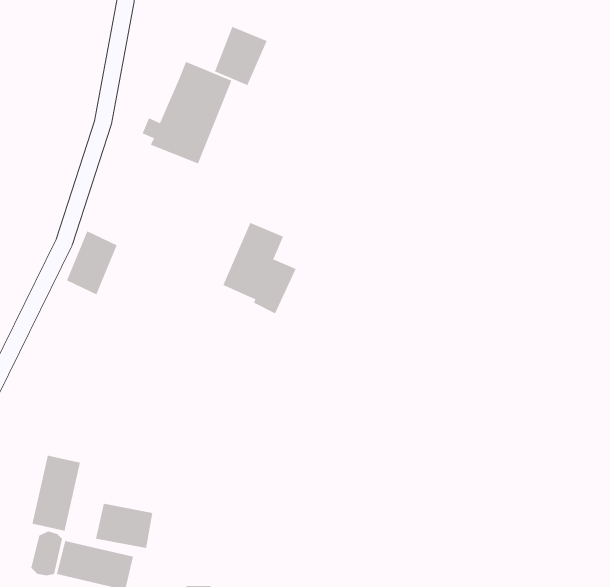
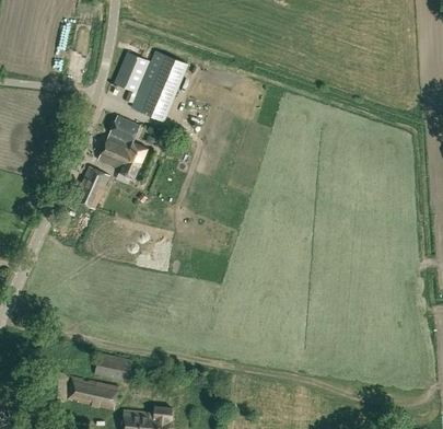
building: [214,26,267,86] -> [114,51,150,92]
building: [222,222,297,314] -> [97,116,148,178]
building: [32,455,81,531] -> none

